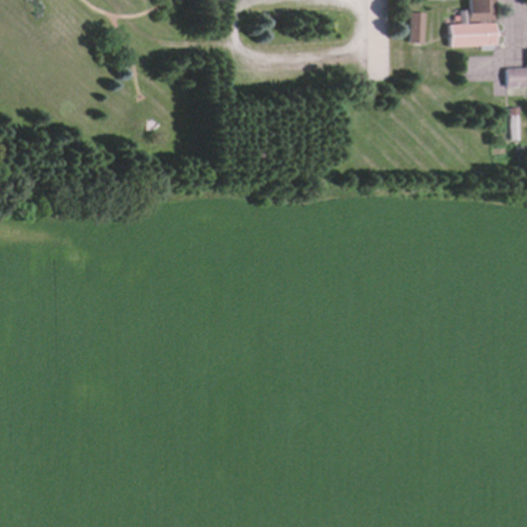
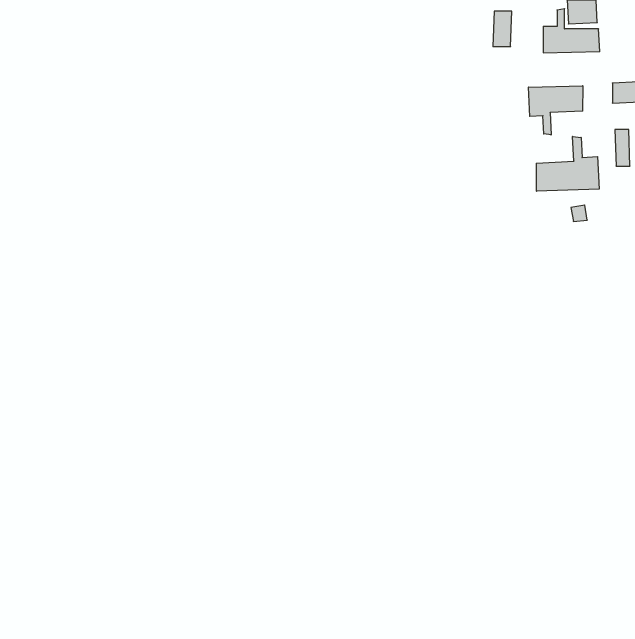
building: none -> [529,86,583,135]
building: none -> [536,136,599,191]

